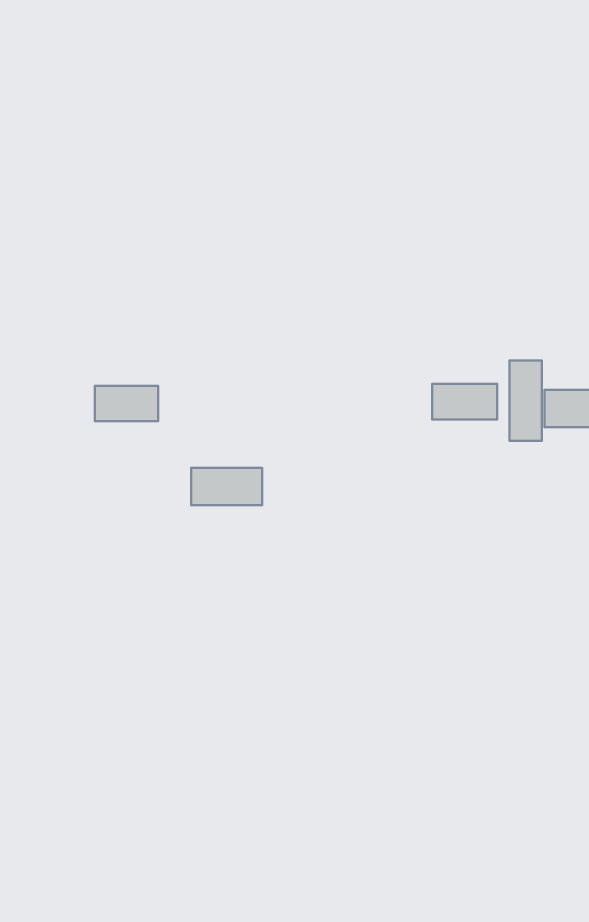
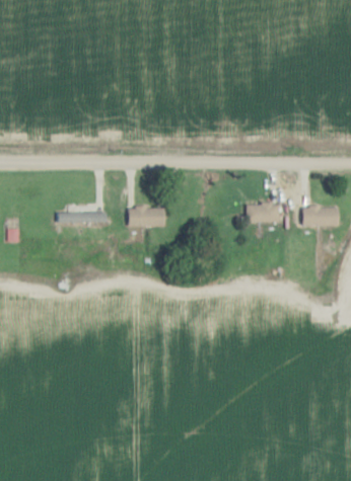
building: [510,361,542,441] -> none
building: [191,468,262,505] -> [129,208,165,227]

